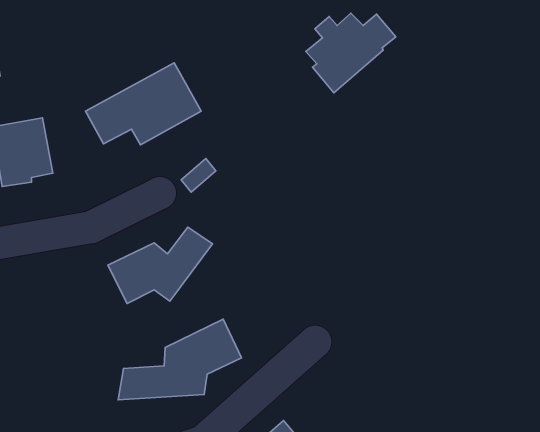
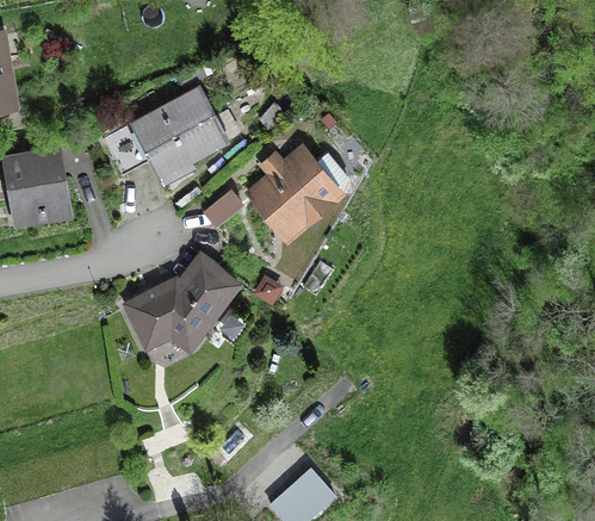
building: [306,13,396,93] -> [252,151,347,236]
building: [118,319,242,400] -> none

